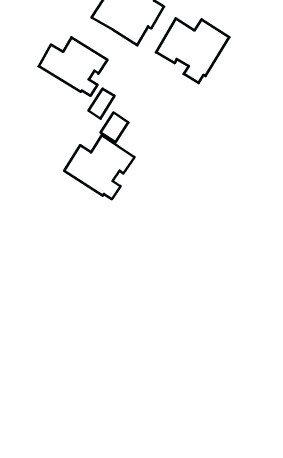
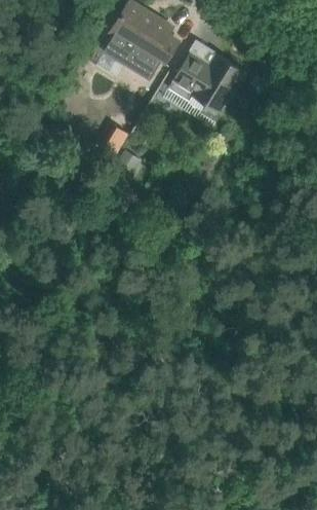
building: [39,37,107,96] -> none
building: [64,135,134,199] -> none

